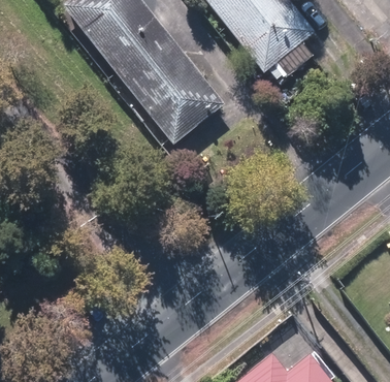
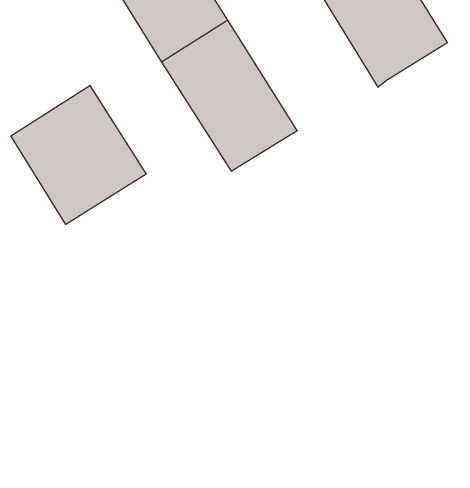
building: none -> [11,85,146,224]

